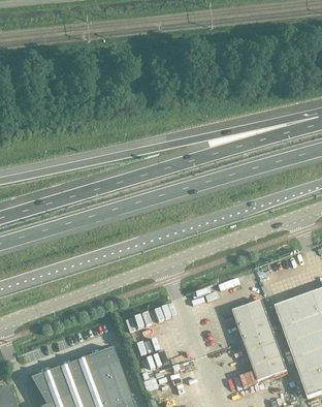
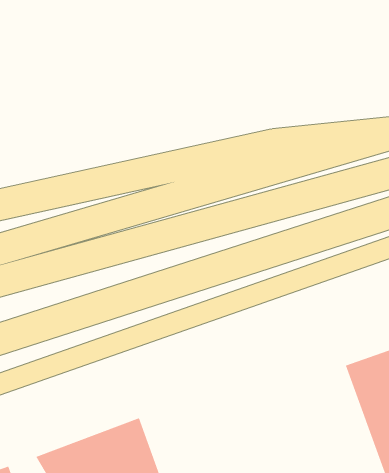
building: [232,299,287,379] -> none

